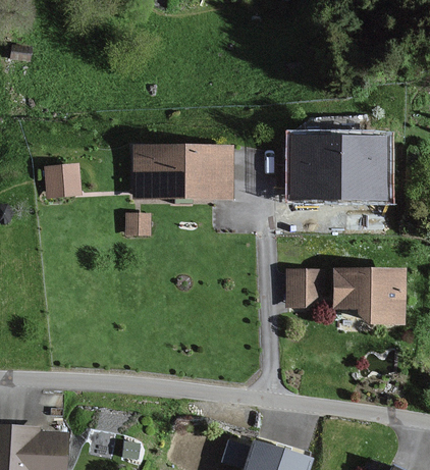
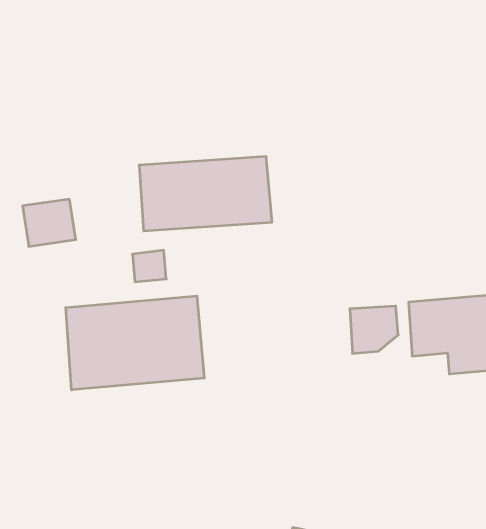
building: [290,134,388,197] -> none
building: none -> [66,296,204,390]

